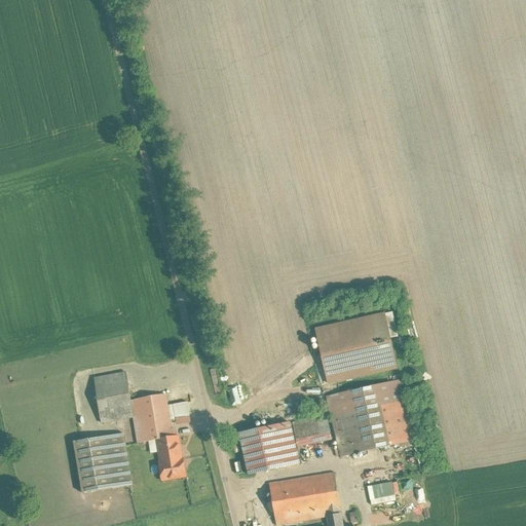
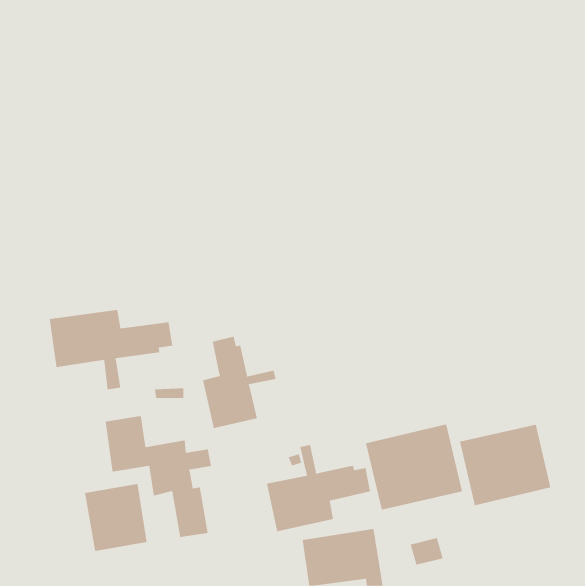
building: none -> [49,309,173,390]
building: none -> [203,336,276,429]
building: [314,311,397,384] -> [459,424,551,506]

